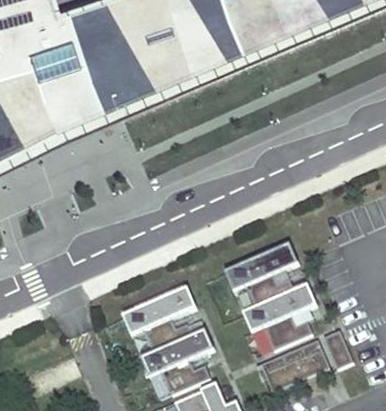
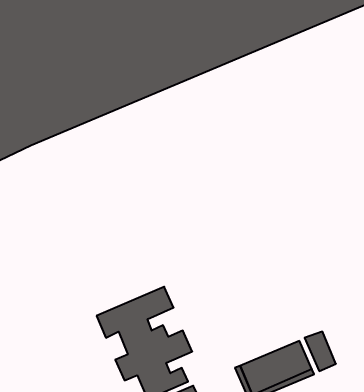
building: [224,239,315,346] -> none

